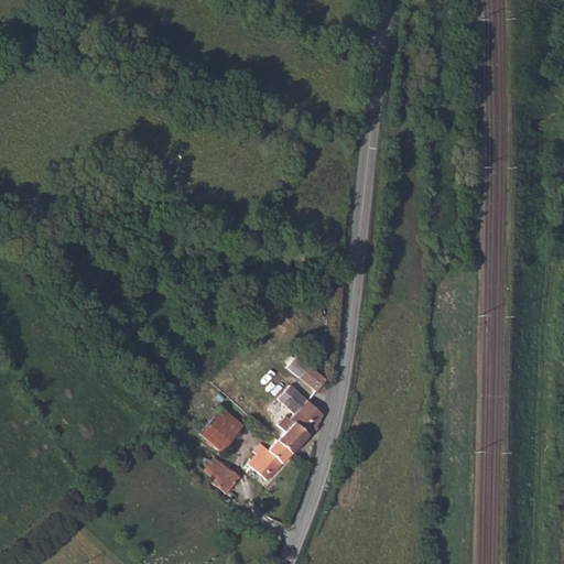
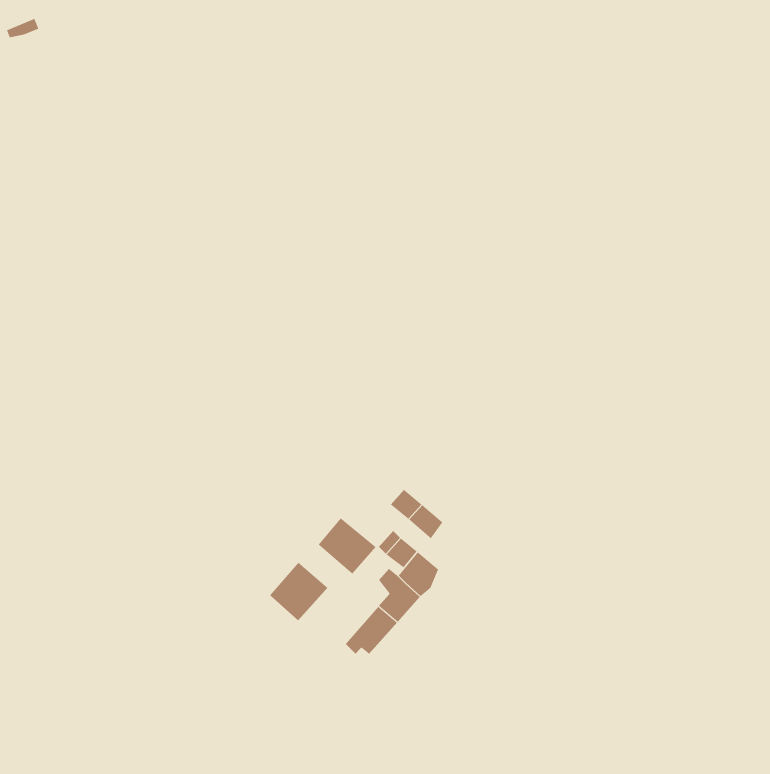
building: none -> [318,517,377,575]
building: [206,457,241,492] -> none

